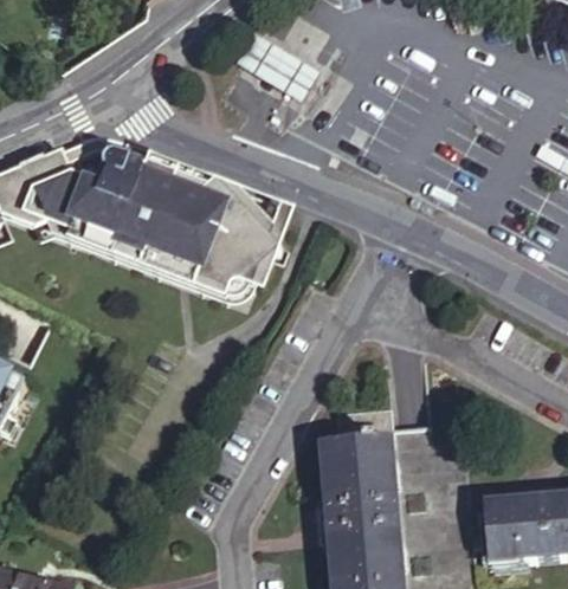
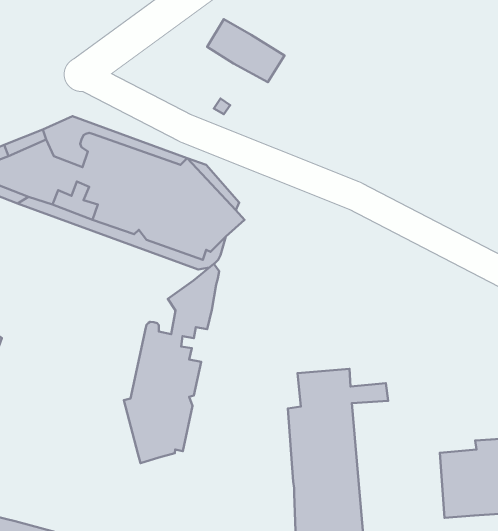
building: none -> [124,264,219,463]

